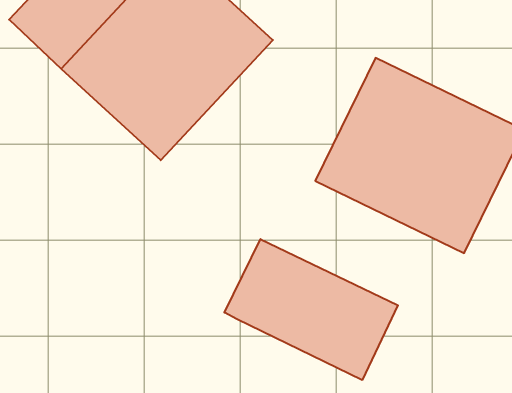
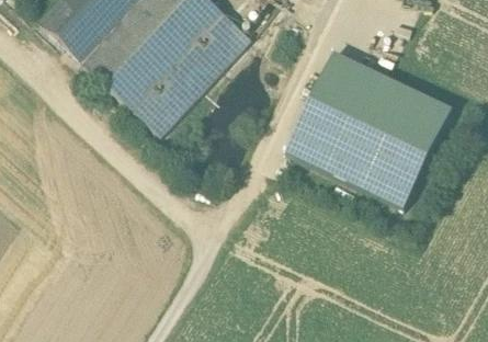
building: [224,239,398,380] -> none

